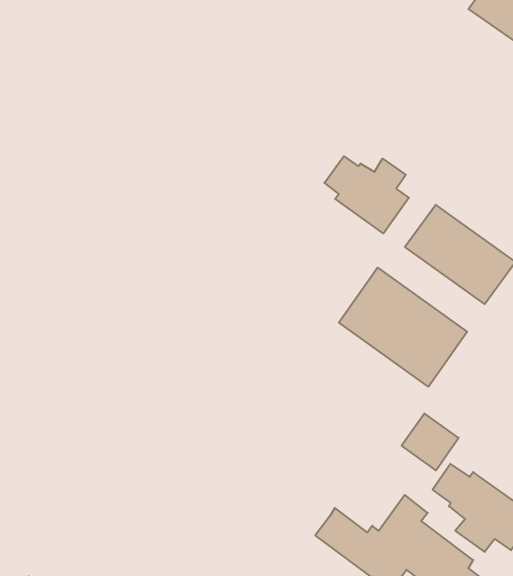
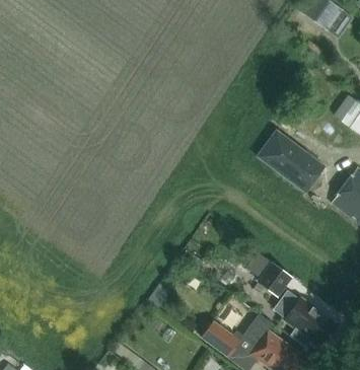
building: [324,156,409,233] -> none
building: [339,268,467,387] -> none

